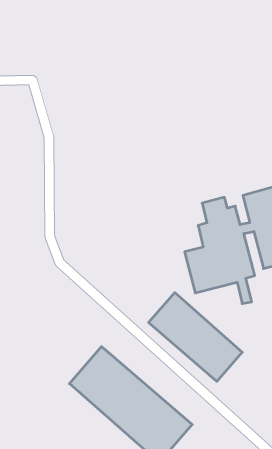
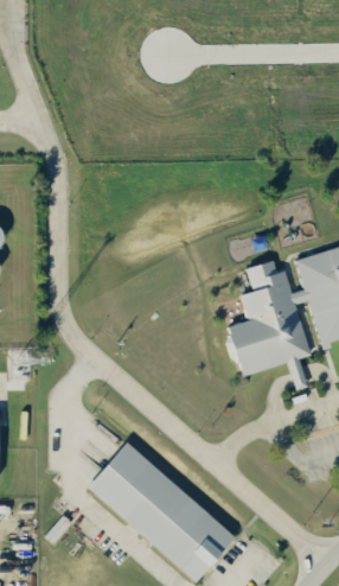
building: [149,293,242,381] -> none

